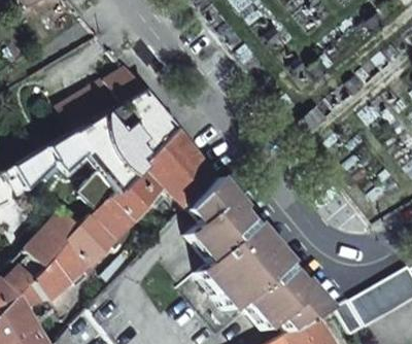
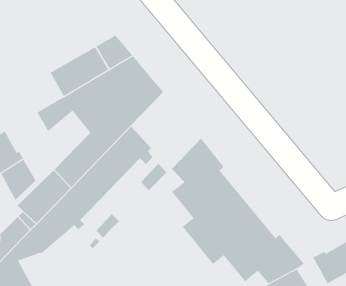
building: [144,129,218,210] -> none
building: [10,150,56,193] -> none

